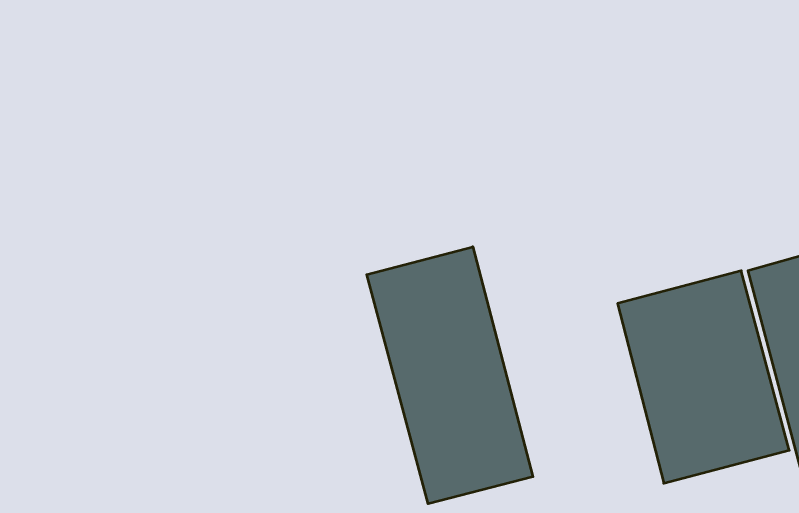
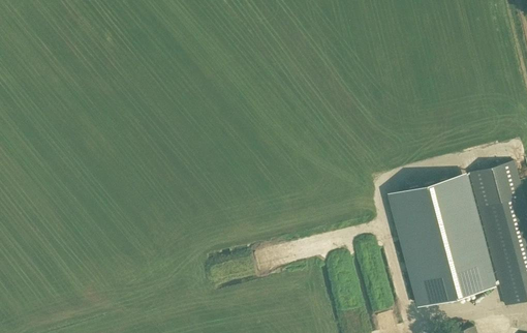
building: [367,247,533,504] -> none

